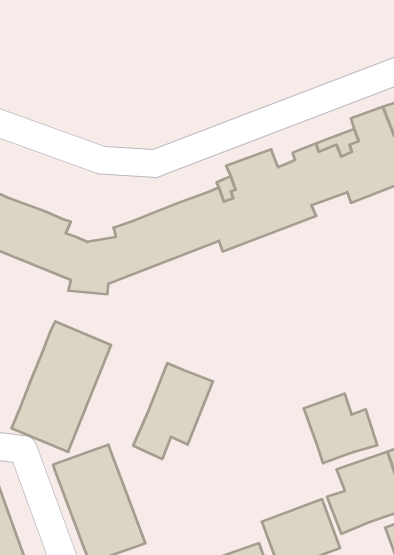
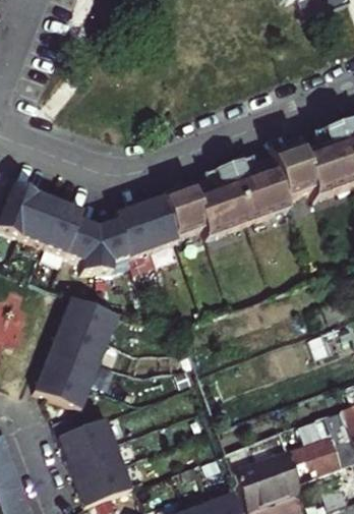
building: [133,363,213,459] -> none
building: [304,394,377,463] -> none

